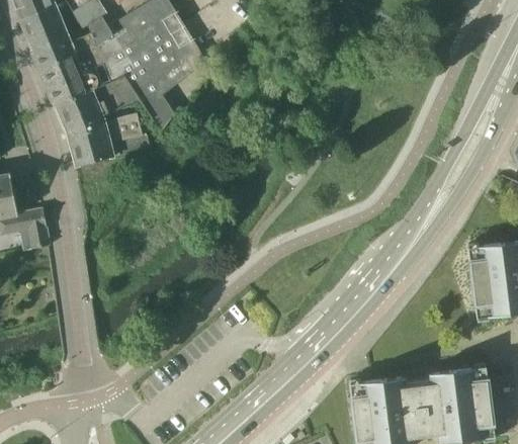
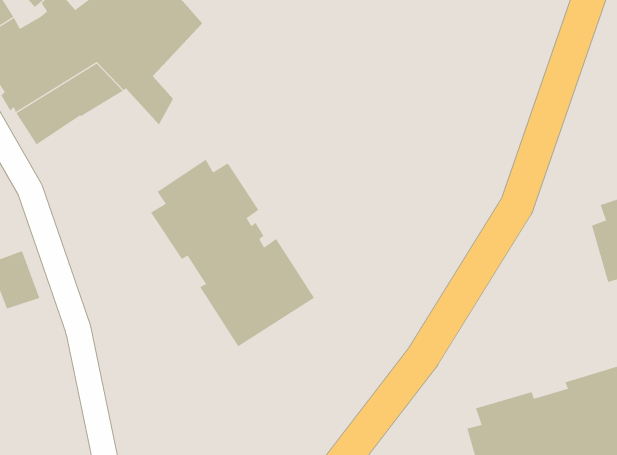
building: [66,113,149,166] -> none
building: none -> [150,159,315,347]

